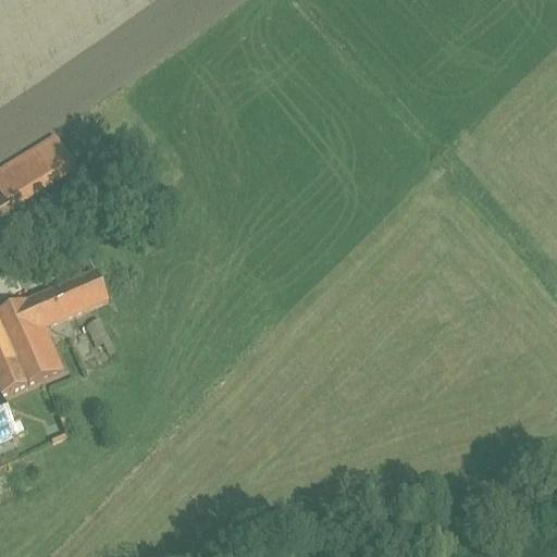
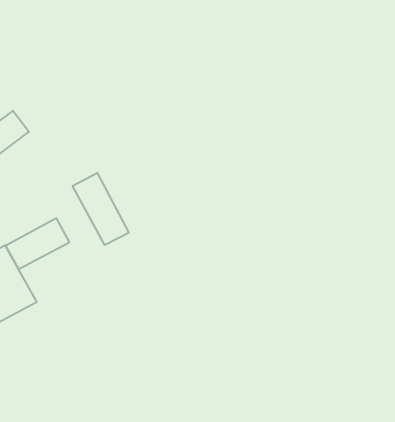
building: none -> [73,173,129,245]

